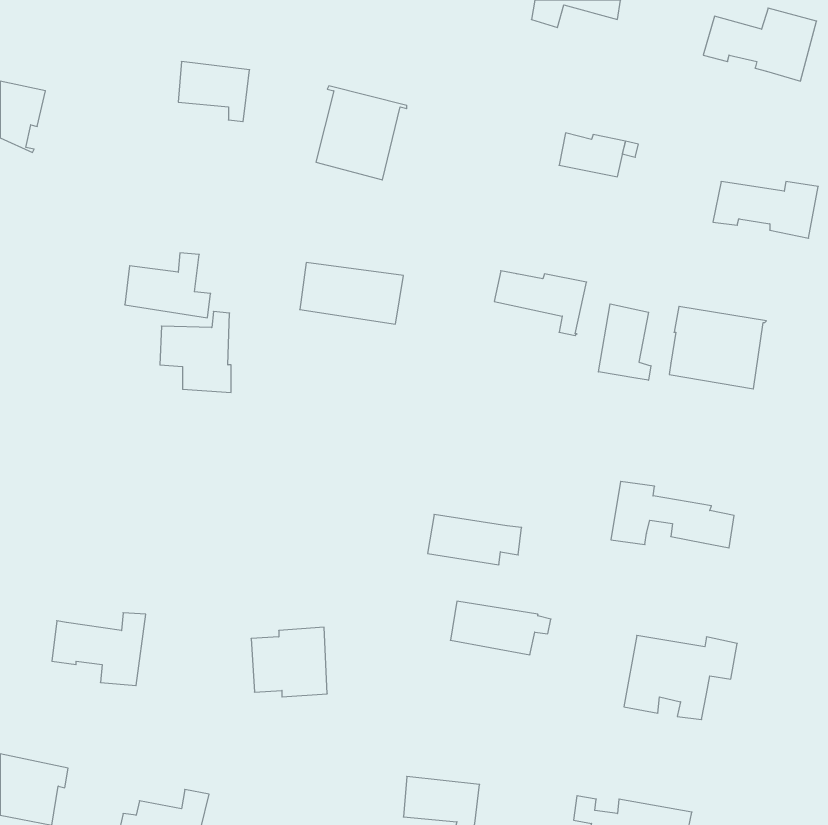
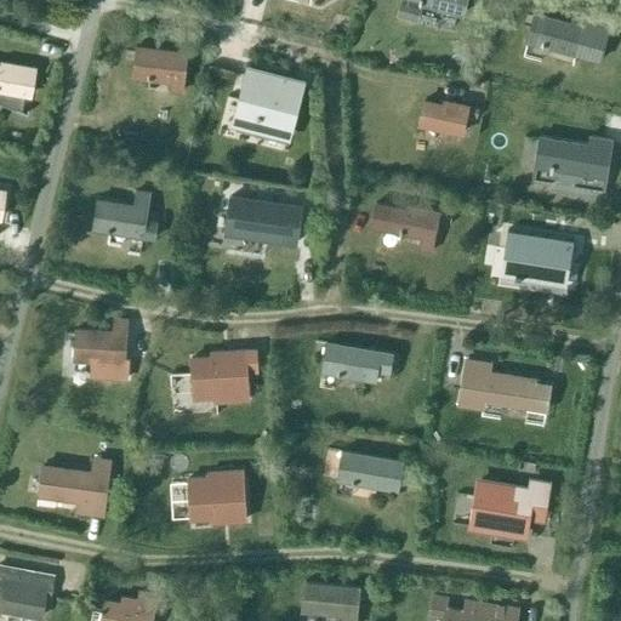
building: [598,304,651,380] -> none
building: [160,311,231,392] -> [74,320,127,381]
building: none -> [192,352,256,404]
building: [428,514,522,565] -> [321,344,392,382]

